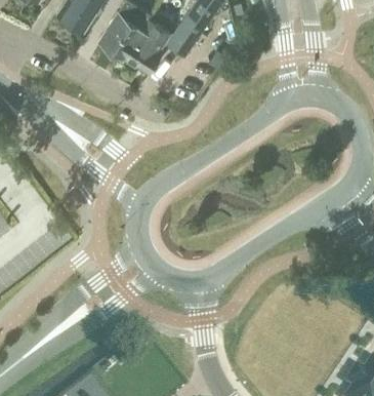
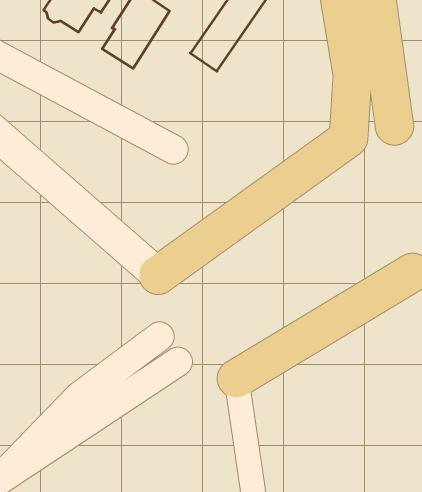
building: [126,11,172,69] -> none

